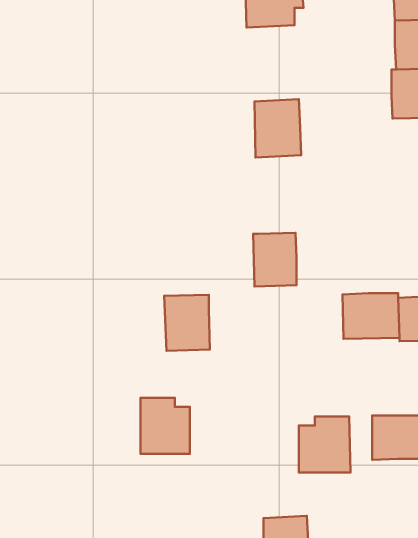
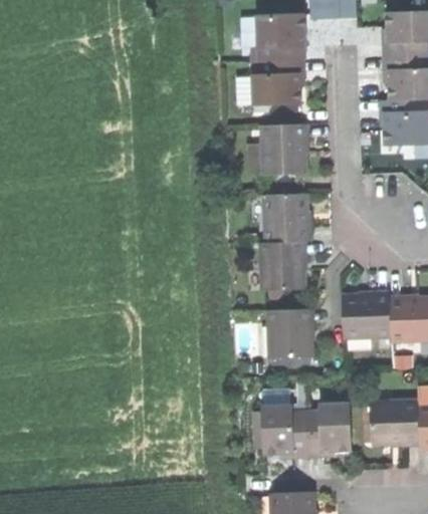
building: none -> [252,59,301,105]
building: none -> [267,195,306,243]
building: [164,295,210,351] -> [270,309,310,358]
building: [141,398,190,454] -> [261,404,304,453]

